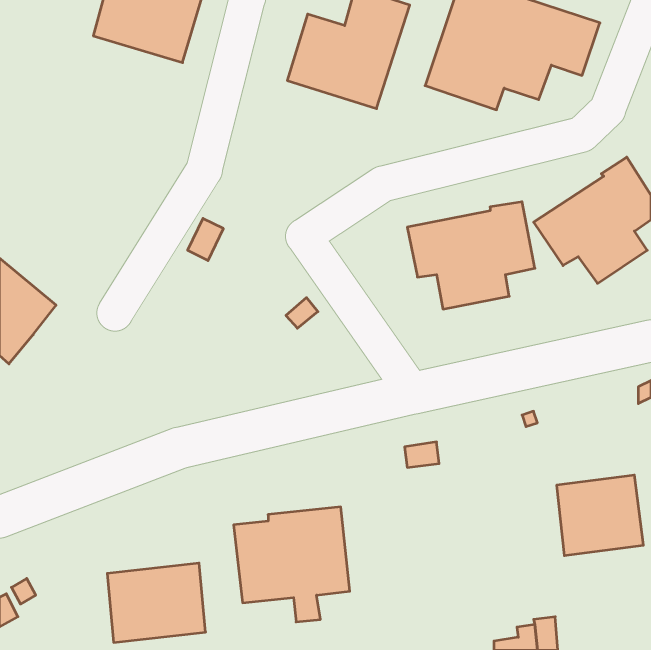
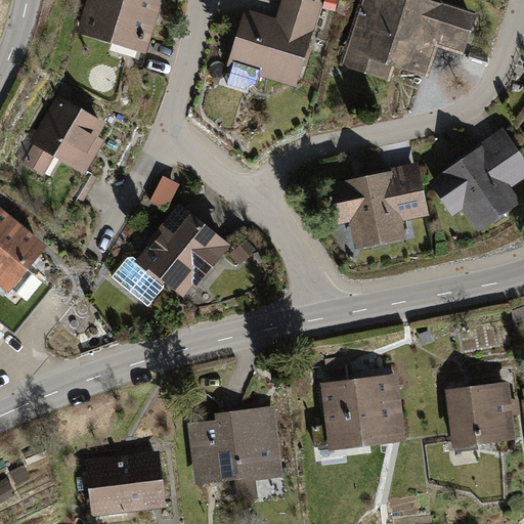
building: none -> [21,93,105,174]
building: none -> [111,204,229,305]
building: none -> [320,374,406,449]

